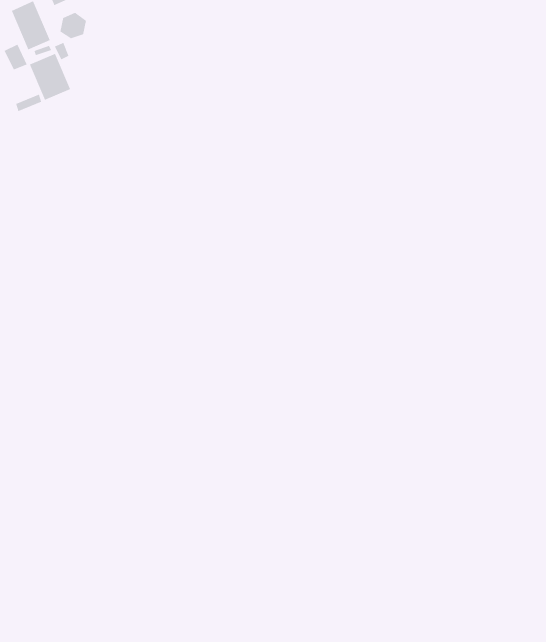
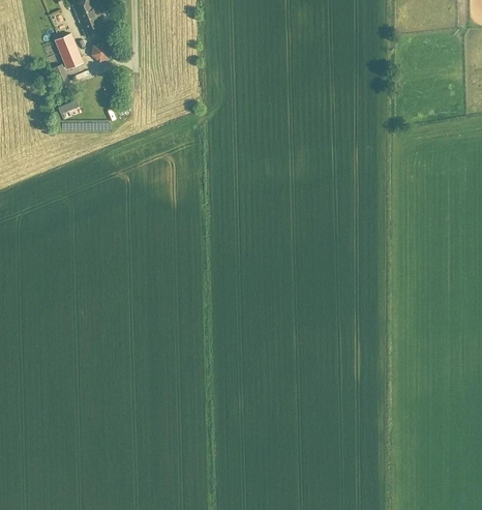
building: [29,53,71,101] -> none

